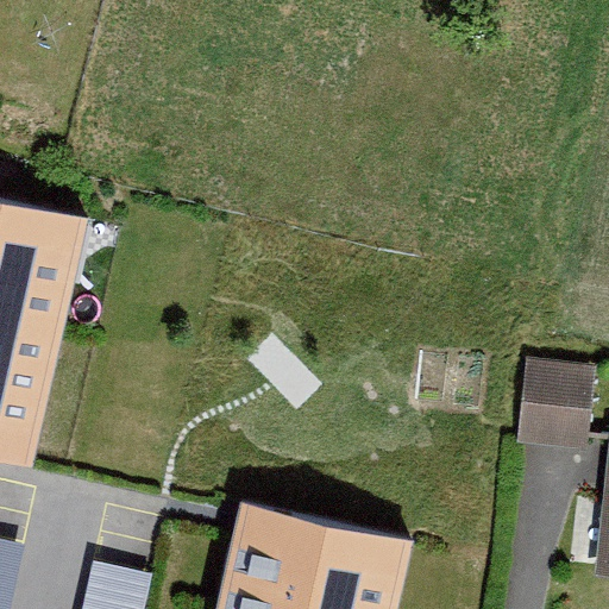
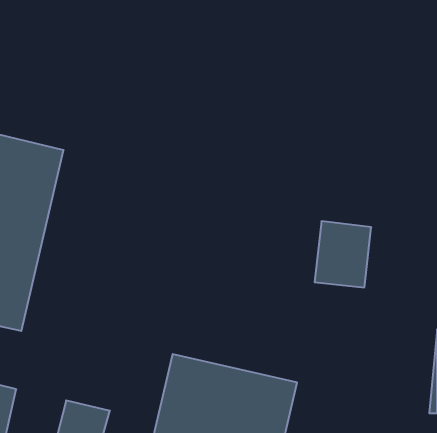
building: [511,365,590,457] -> [315,221,371,287]

